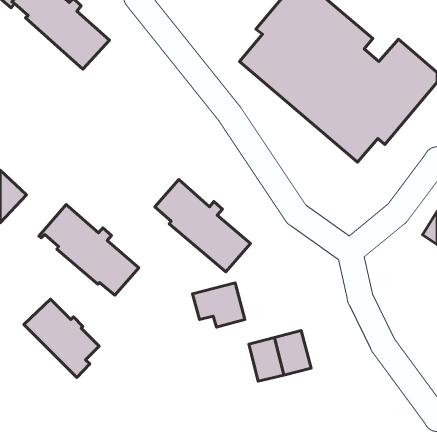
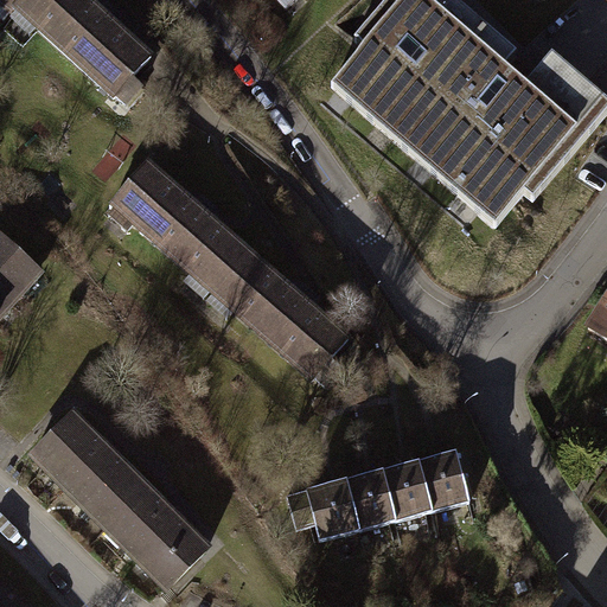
building: [39,205,139,295] -> [109,161,248,287]
building: [193,283,245,327] -> [286,478,358,539]
building: none -> [417,449,469,511]
building: none -> [107,480,205,586]

